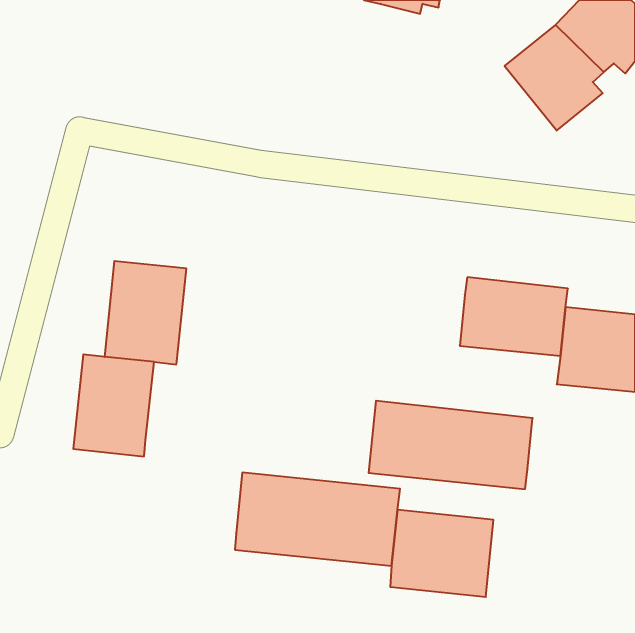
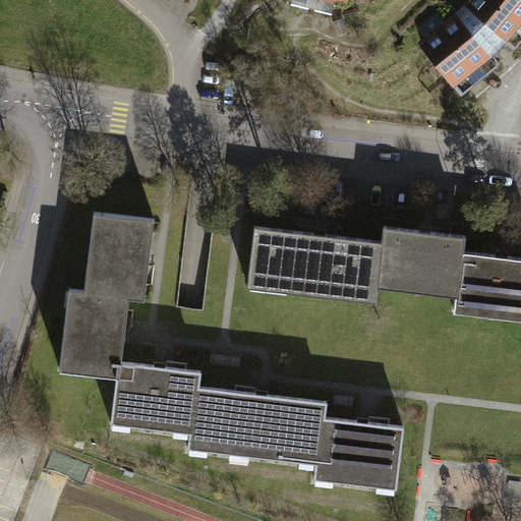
building: [369,401,533,489] -> [246,229,381,301]
building: none -> [112,362,200,439]

